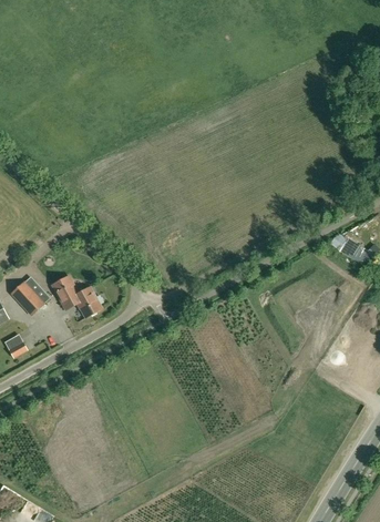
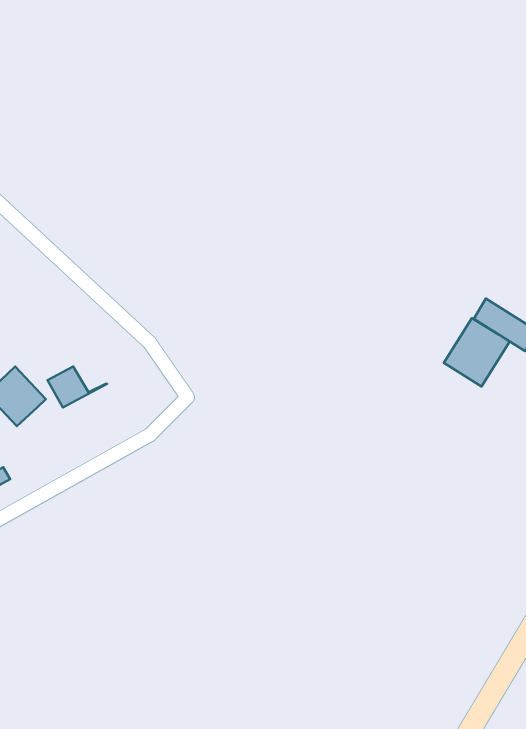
building: none -> [444,318,510,386]
building: [62,287,102,317] -> none

